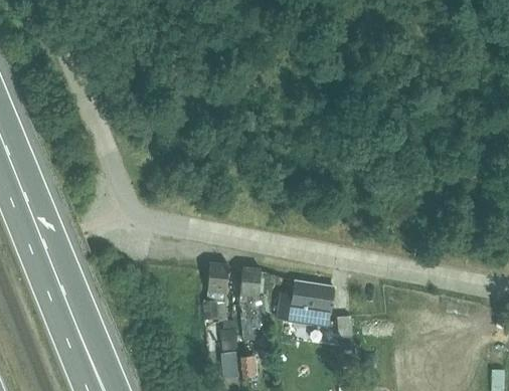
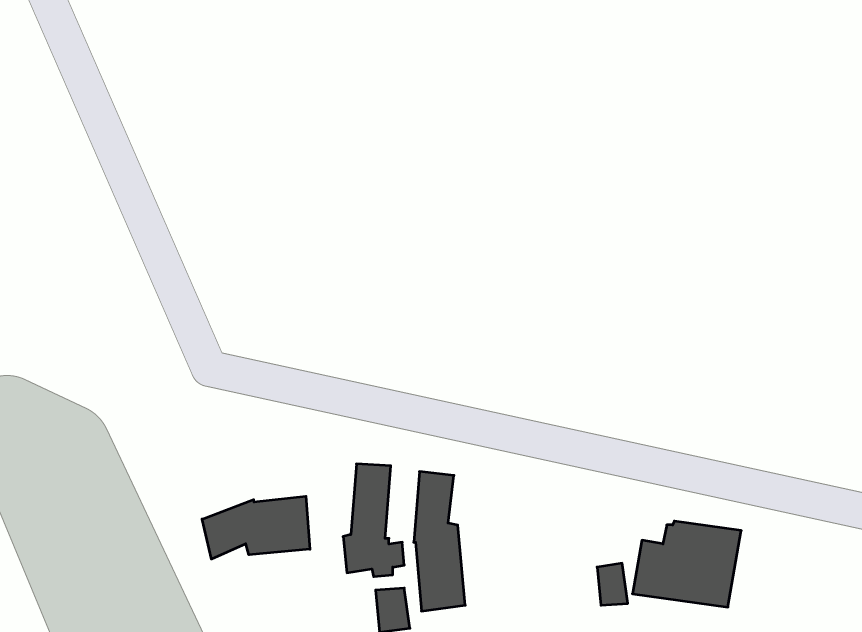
building: none -> [202,496,310,559]
building: [276,280,333,326] -> [632,521,741,607]

